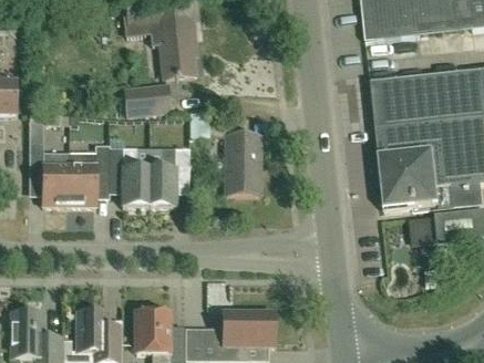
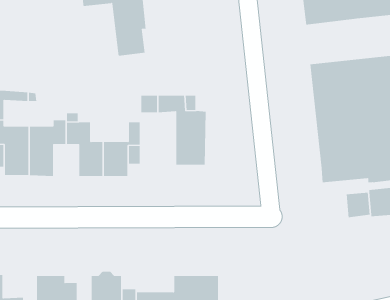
building: [124,84,168,113] -> none
building: [135,146,175,167] -> none
building: [95,170,122,198] -> none

